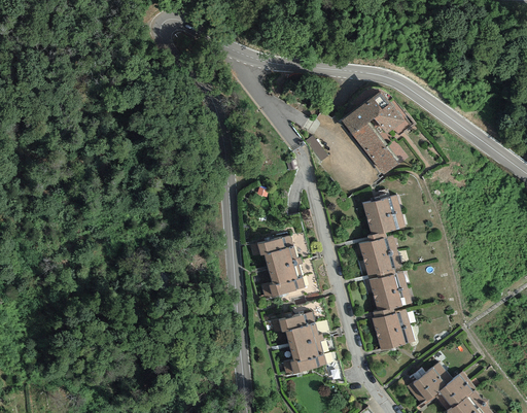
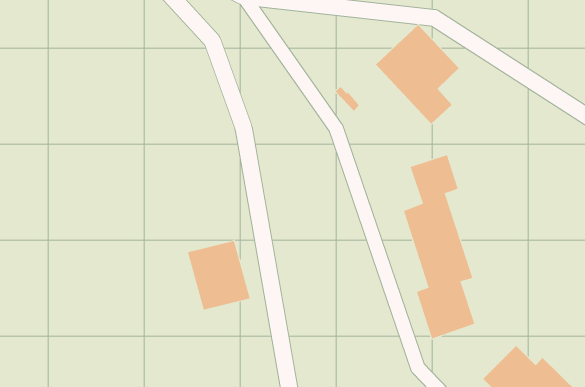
building: [254,238,306,296] -> [187,240,250,310]
building: [270,309,321,370] -> none

